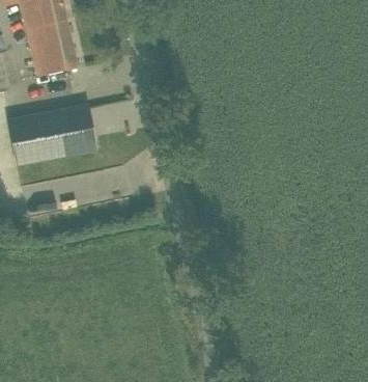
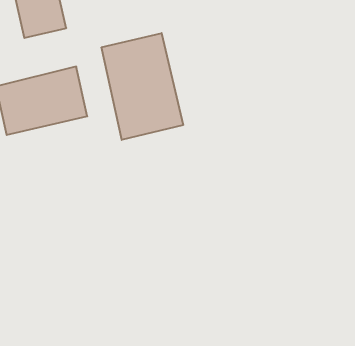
building: none -> [102,33,183,140]

